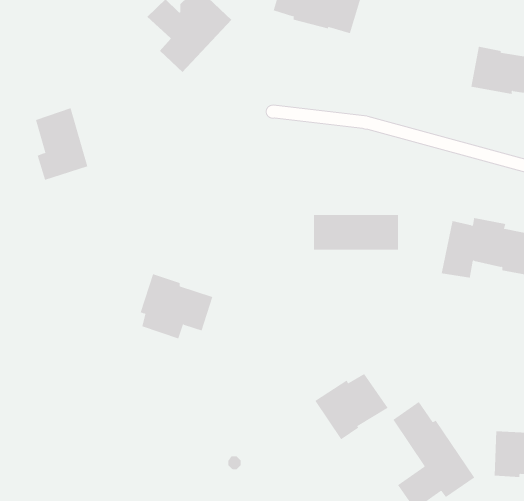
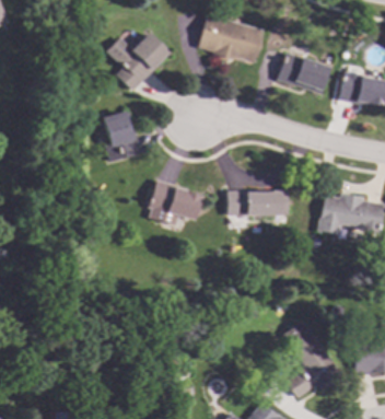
building: none -> [277,53,330,95]
building: [35,107,88,181] -> [107,112,144,163]
building: [140,274,213,339] -> [151,181,202,226]
building: [314,373,388,440] -> none

